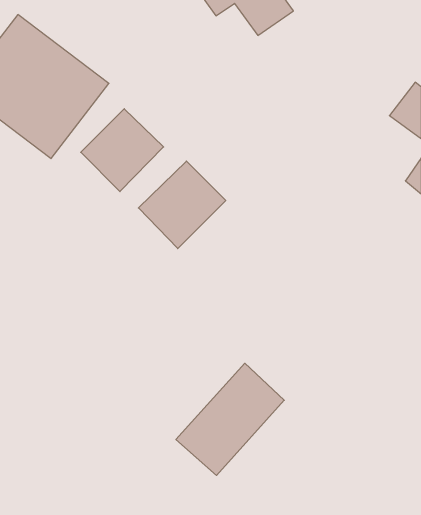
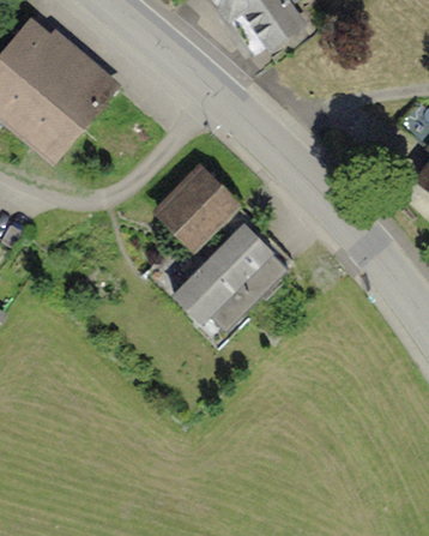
building: [81,109,164,192] -> none
building: [176,363,284,475] -> [176,221,282,330]

